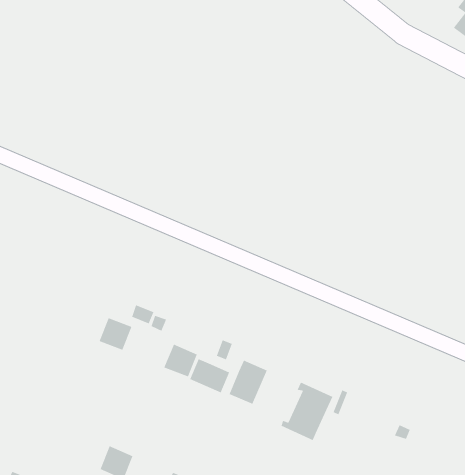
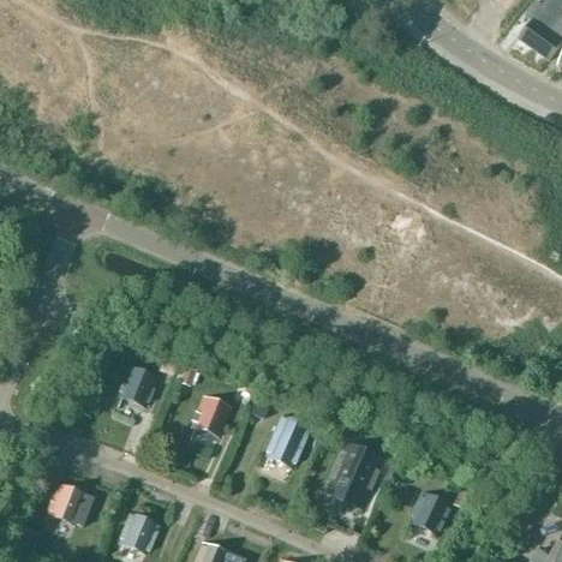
building: [189,358,230,393] -> none
building: none -> [48,484,92,525]
building: none -> [412,492,452,532]

